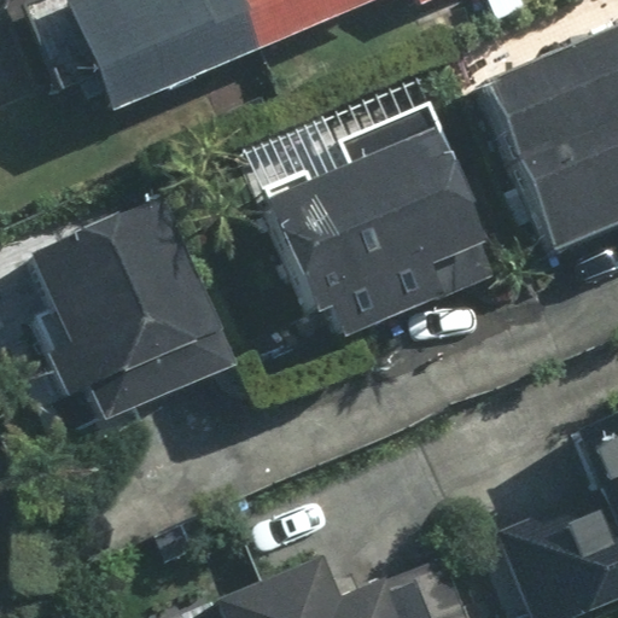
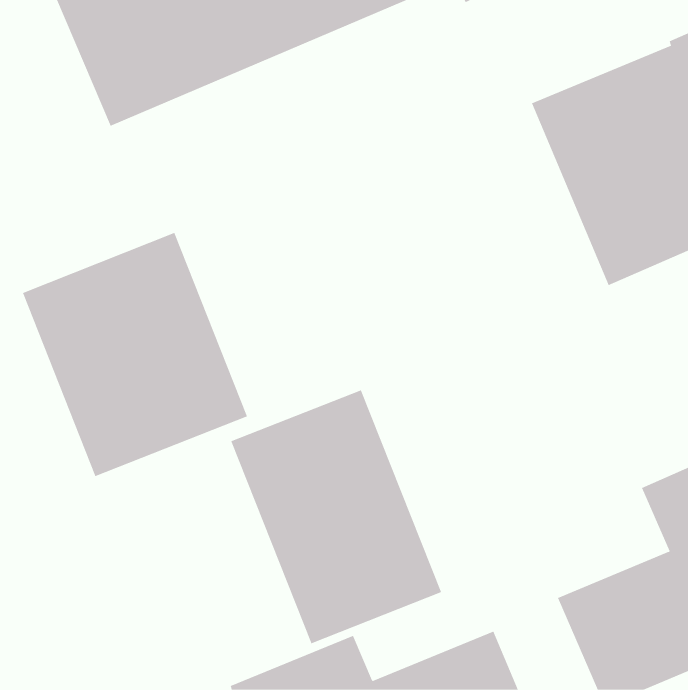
building: [269,136,478,343] -> none
building: none -> [231,389,442,644]

